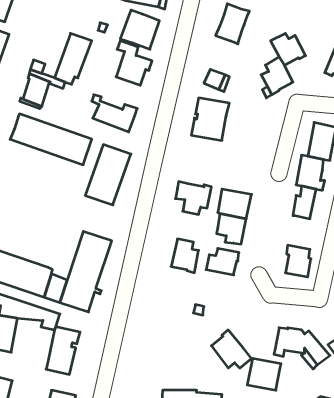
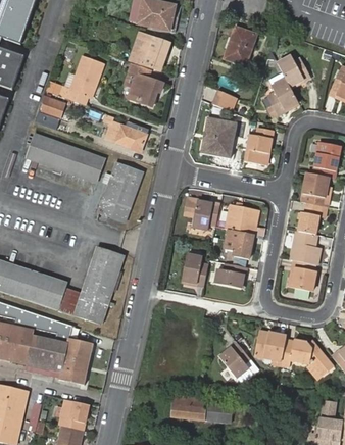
building: none -> [243,128,272,165]
building: none -> [290,230,321,264]
building: none -> [27,334,68,370]
building: [247,358,281,390] -> [253,330,286,360]

